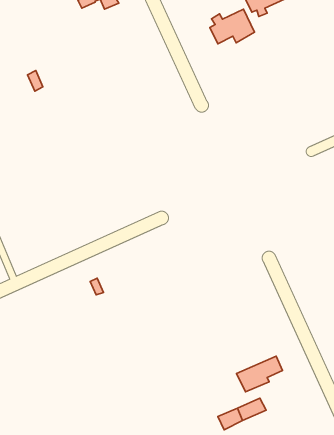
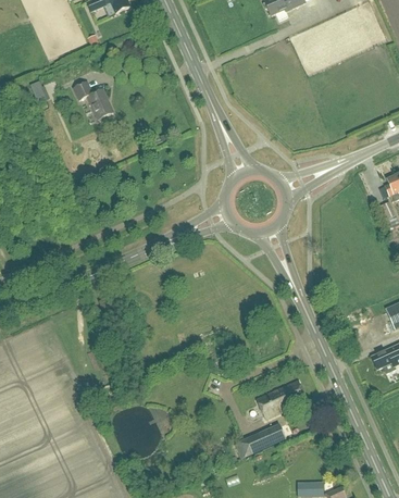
building: [210,9,255,44] -> none
building: none -> [73,80,113,119]

